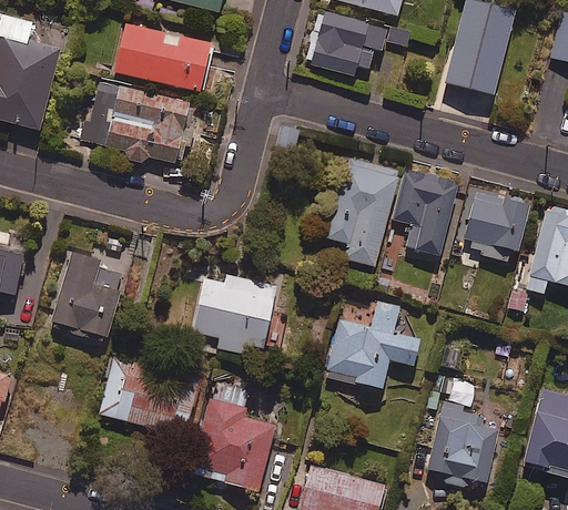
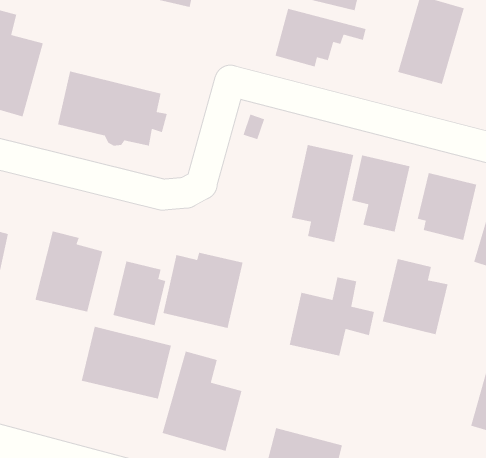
building: [114,23,210,91] -> none
building: none -> [112,260,166,326]
building: [426,401,498,484] -> [382,258,448,335]

